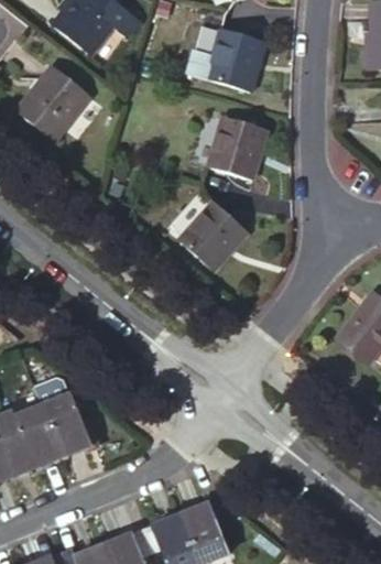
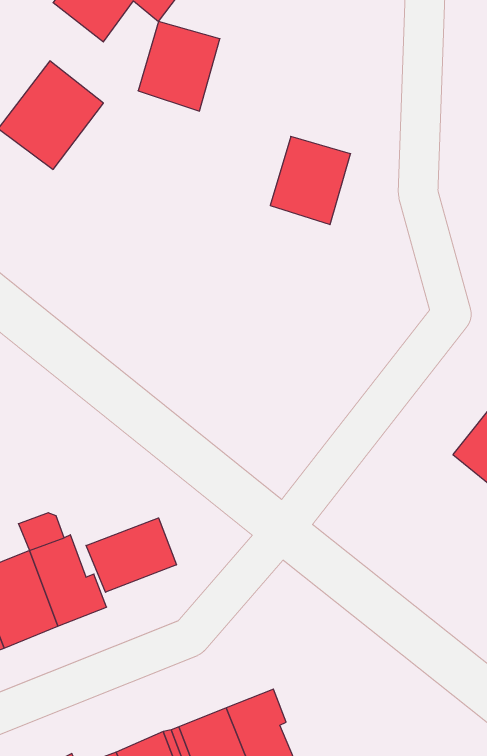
building: [206,29,263,91] -> [138,21,220,111]
building: [176,199,244,269] -> none
building: none -> [86,518,176,592]

